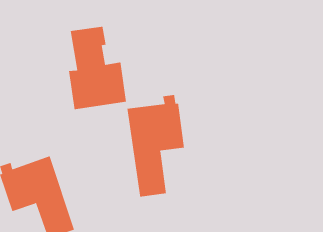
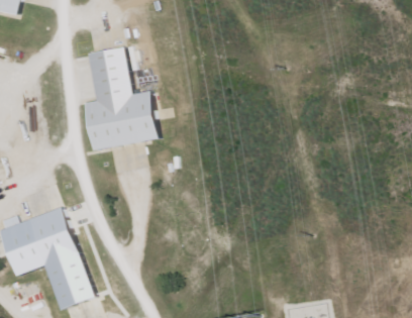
building: [127,94,184,197] -> none

